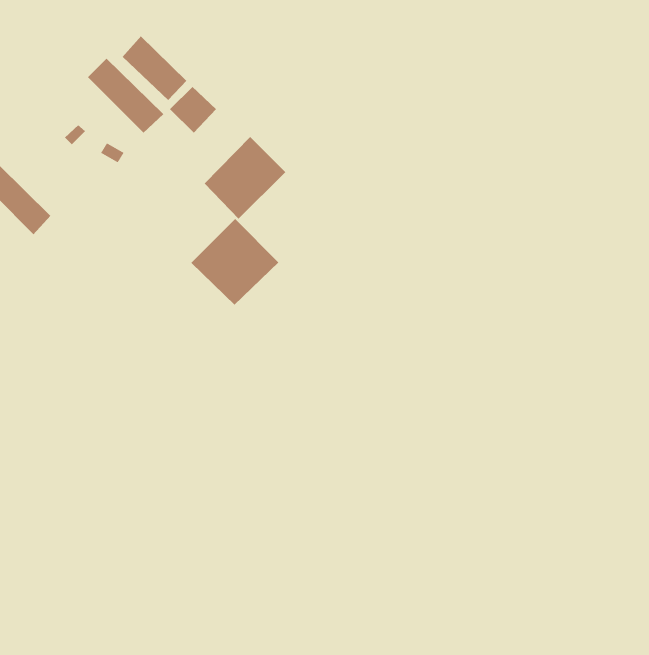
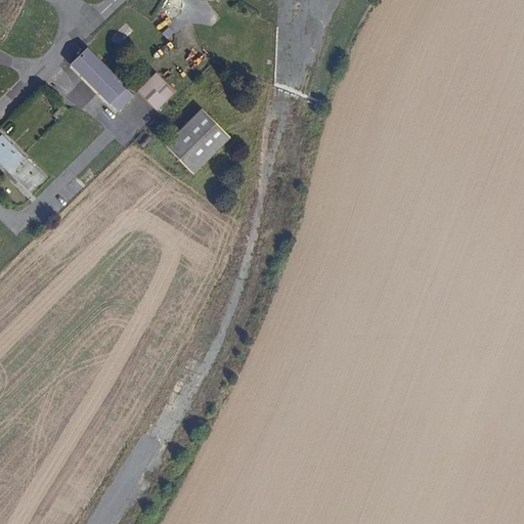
building: [122,36,187,101] -> none
building: [190,218,279,306] -> none

